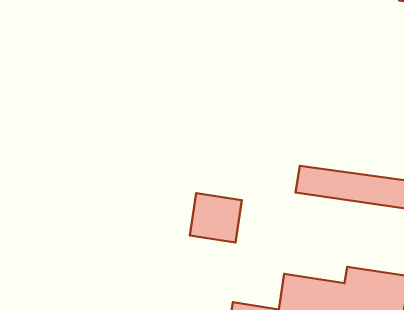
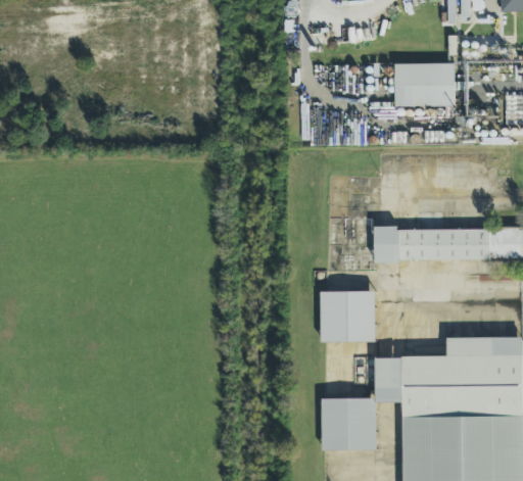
building: none -> [395,63,456,106]
building: [190,193,242,242] -> [322,291,376,341]

